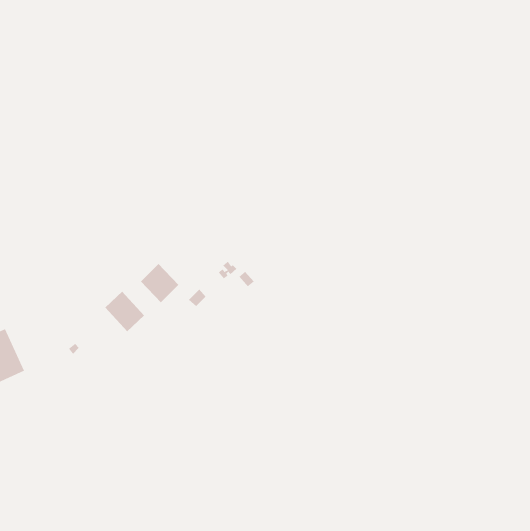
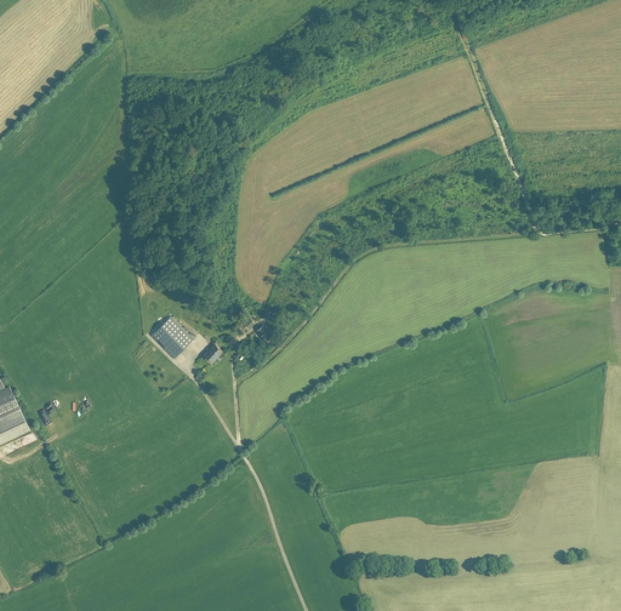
building: [104,291,145,332] -> none

